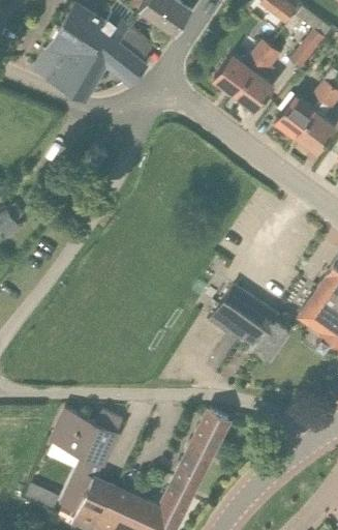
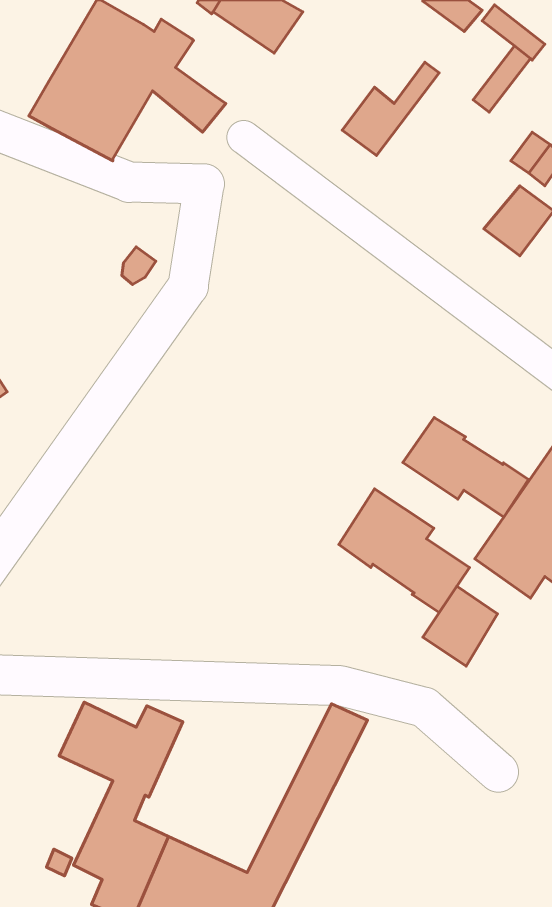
building: [118,28,152,60] -> none
building: [234,47,279,111] -> none
building: [275,95,316,137] -> none
building: none -> [403,417,528,517]
building: none -> [423,586,497,666]

